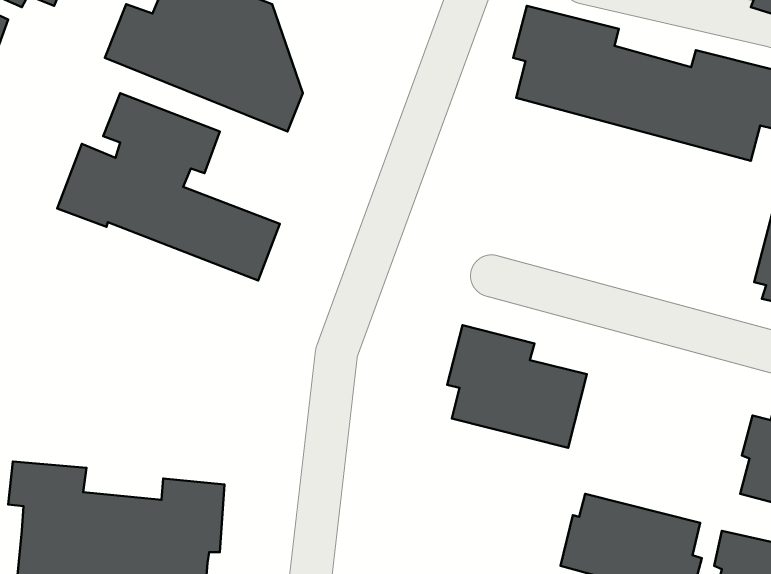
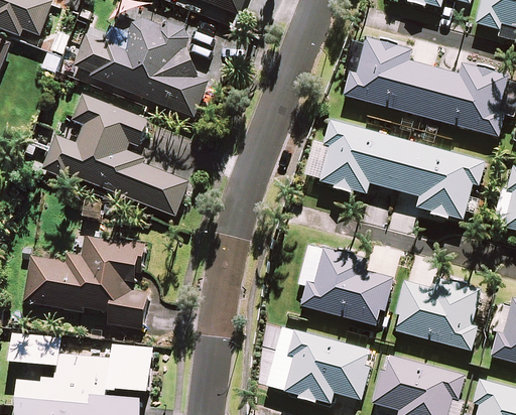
building: none -> [304,120,487,222]
building: none -> [25,236,145,328]
building: none -> [392,279,481,350]
building: none -> [267,326,373,402]

